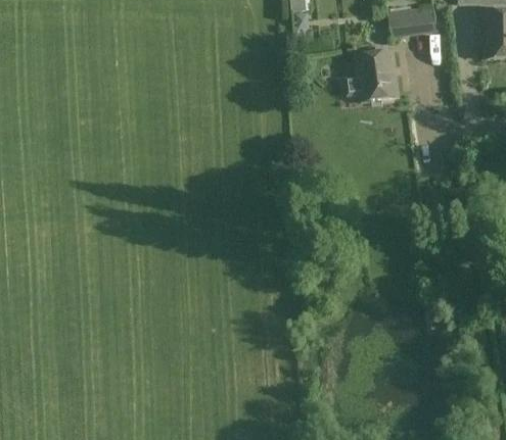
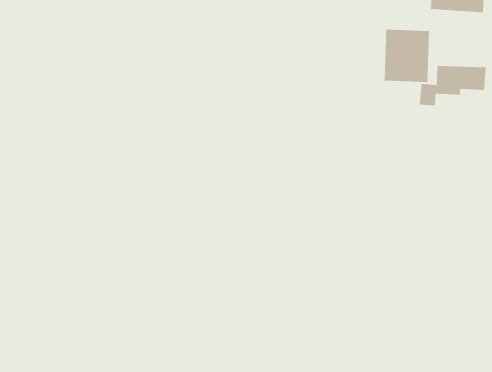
building: none -> [419,65,486,106]

